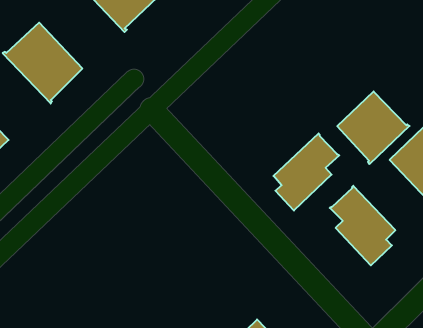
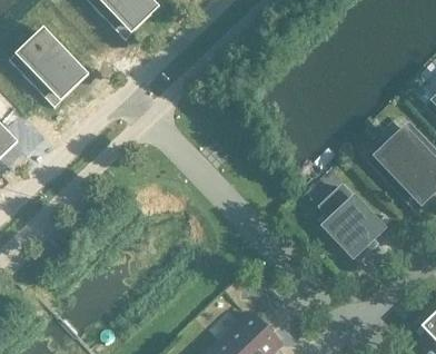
building: [337,91,410,164] -> none
building: [273,133,339,211] -> none

